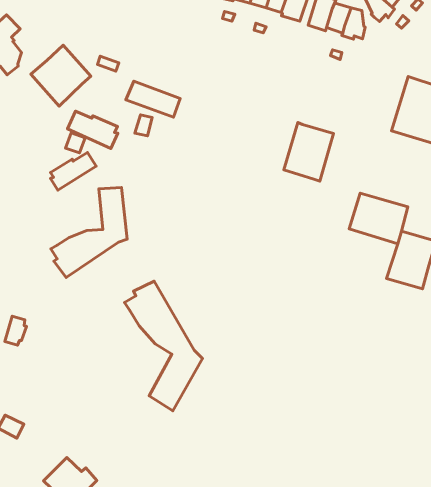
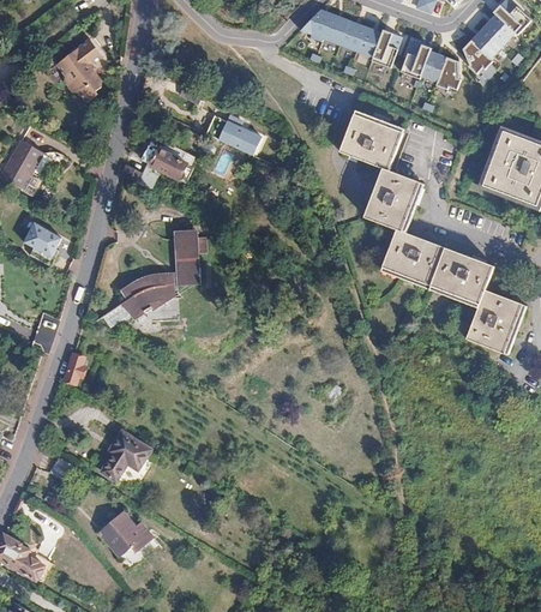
building: [31,45,91,106] -> none
building: none -> [343,116,404,173]
building: [50,153,96,190] -> none
building: none -> [384,232,446,287]
building: [124,281,203,411] -> none
building: none -> [97,432,146,482]

